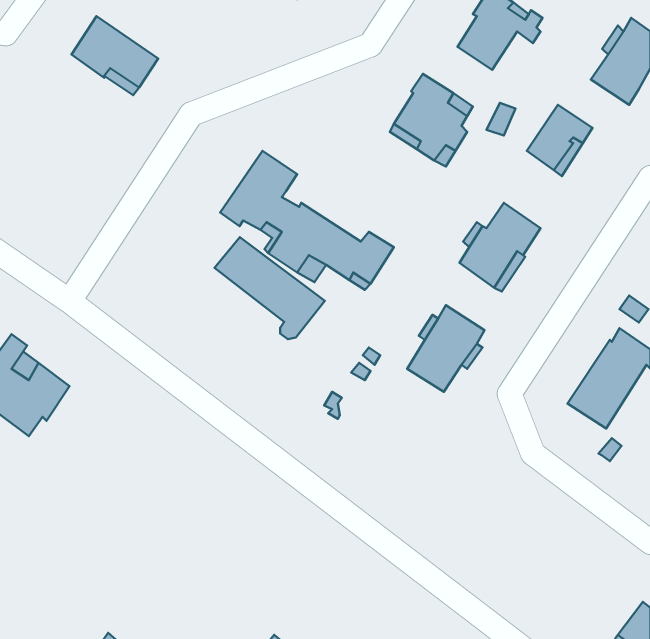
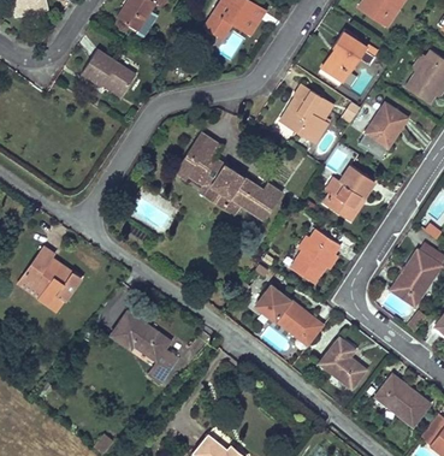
building: [215,237,325,339] -> [255,285,324,349]
building: none -> [111,310,178,383]
building: none -> [319,337,366,389]
building: none -> [375,374,430,426]

